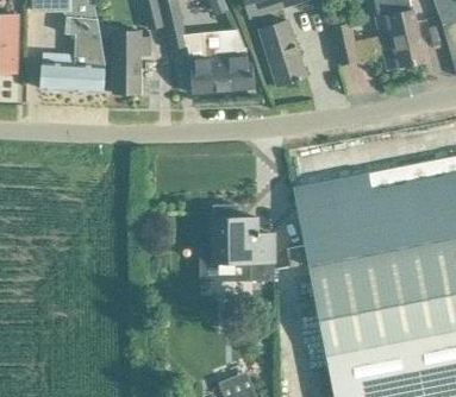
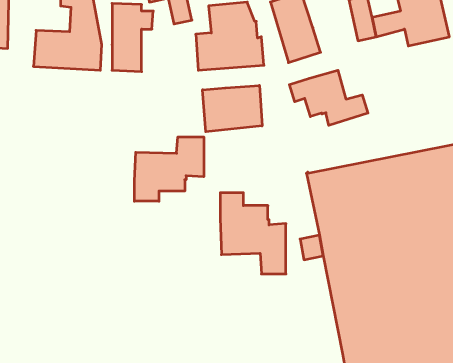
building: none -> [289,70,368,125]
building: none -> [203,85,262,132]
building: none -> [134,137,204,201]

